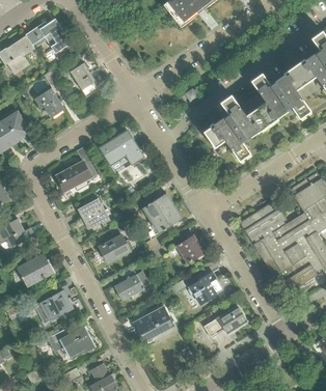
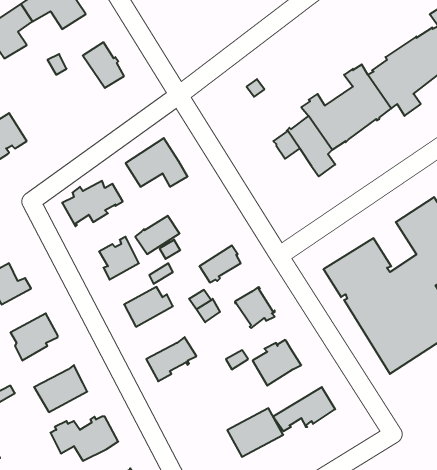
building: [34,86,63,117] -> none
building: [142,193,173,220] -> [135,216,180,254]
building: [133,307,172,341] -> [227,408,283,457]

